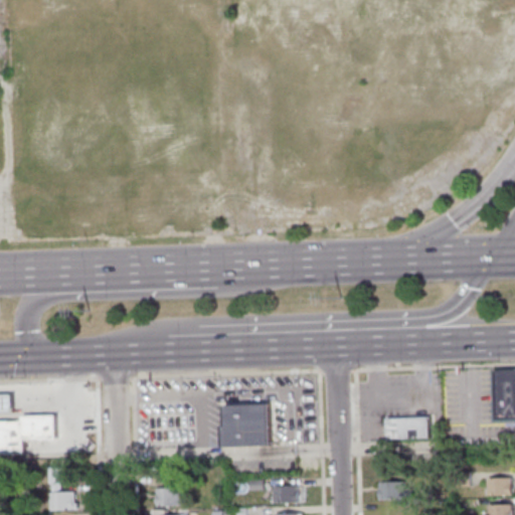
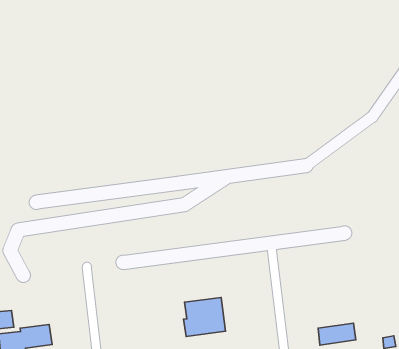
building: [386,416,430,439] -> [318,323,356,345]

